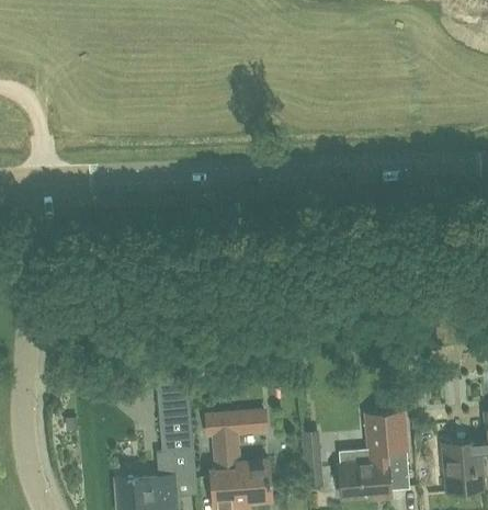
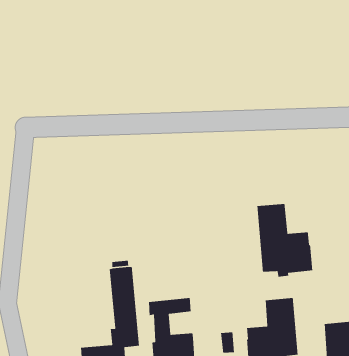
building: none -> [257,203,313,277]

